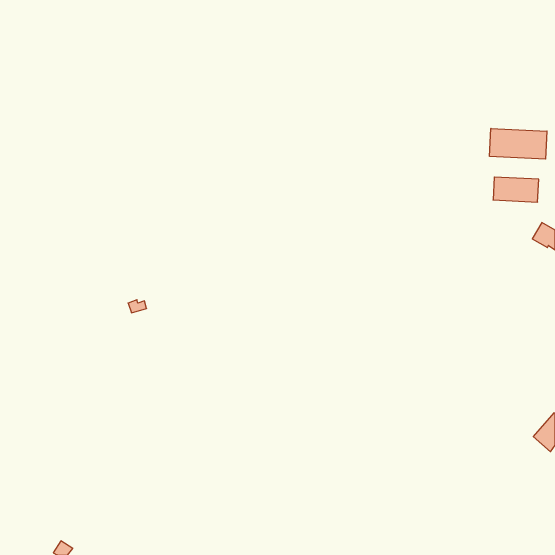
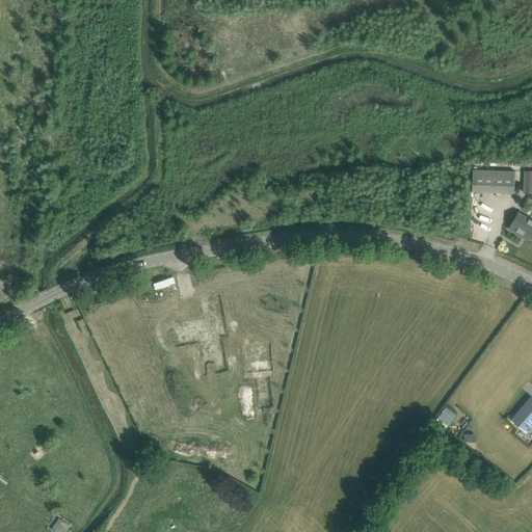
building: [490,128,547,159] -> none

